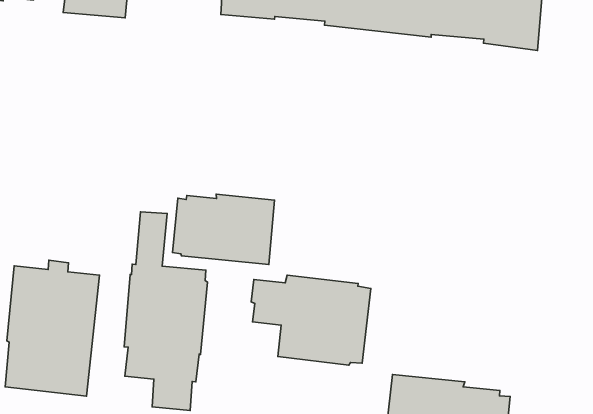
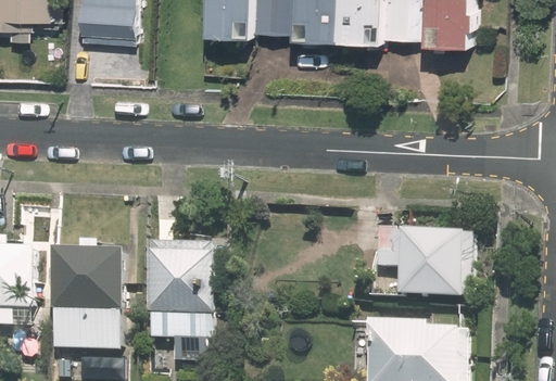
building: [172,194,275,265] -> none
building: [251,275,371,365] -> [374,226,471,296]

